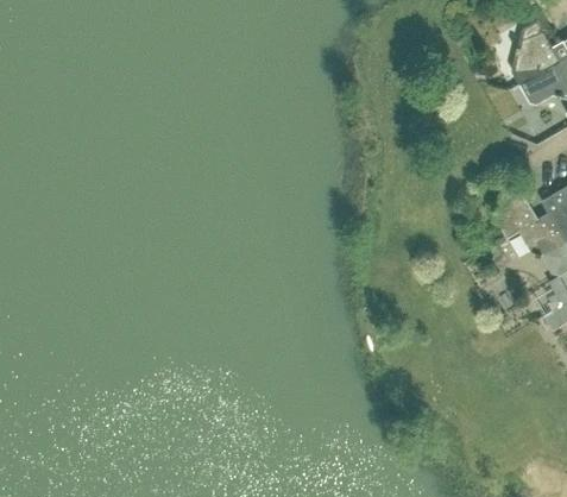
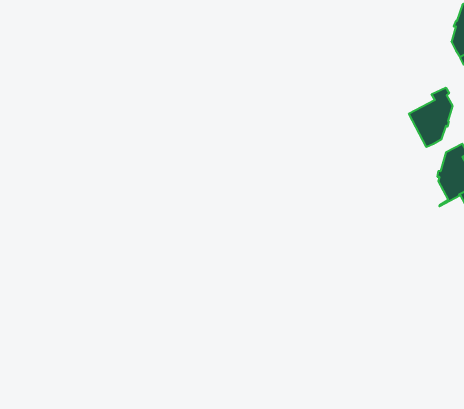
building: none -> [409,88,452,147]

